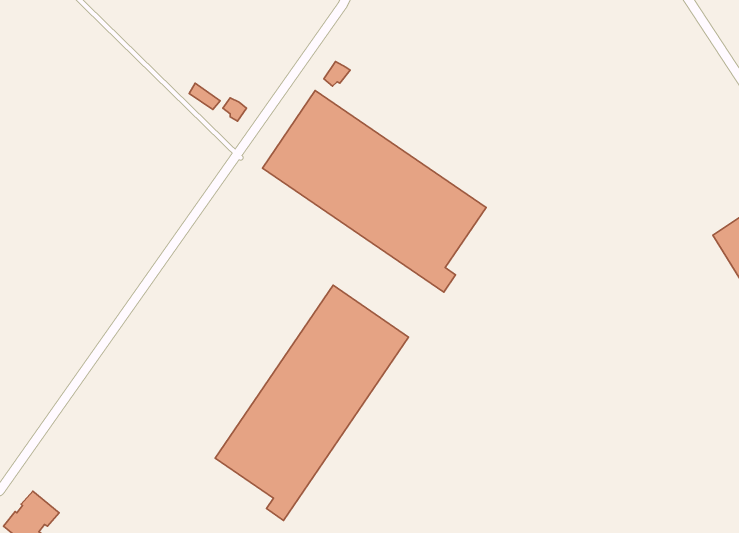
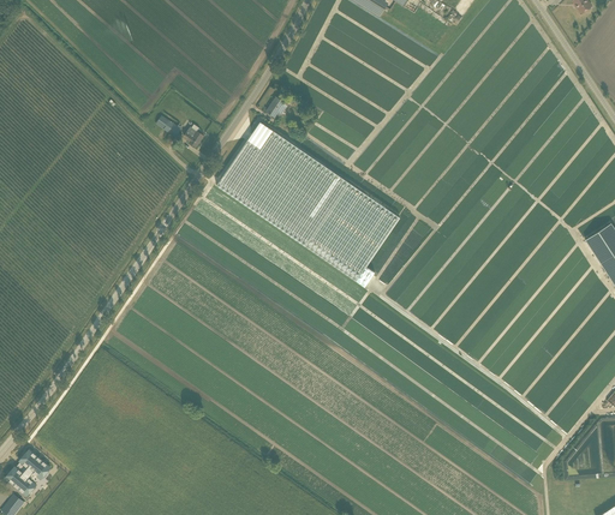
building: [215,285,409,520] -> none

